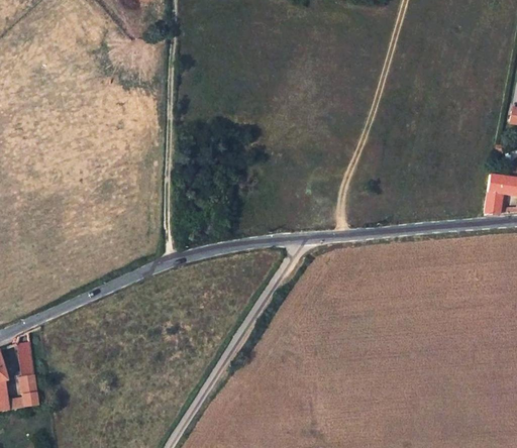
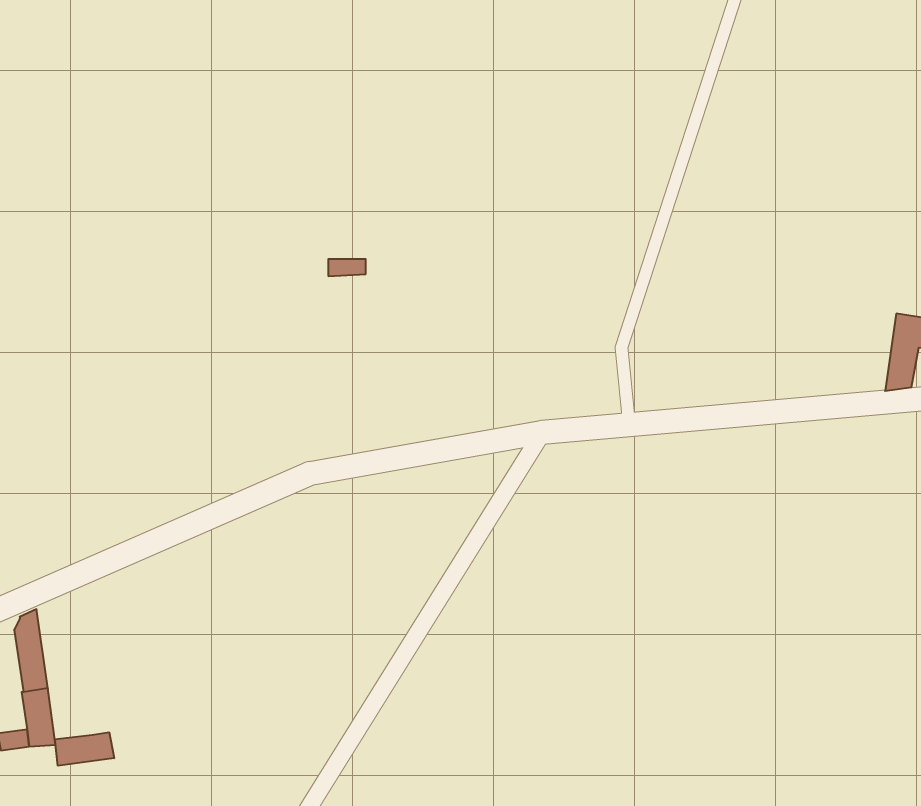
building: none -> [55,732,114,766]

